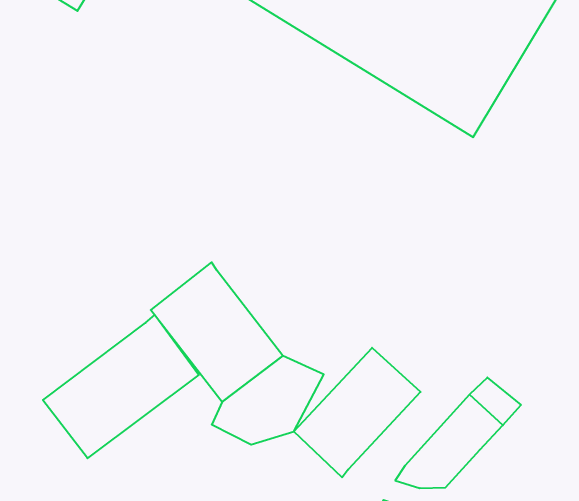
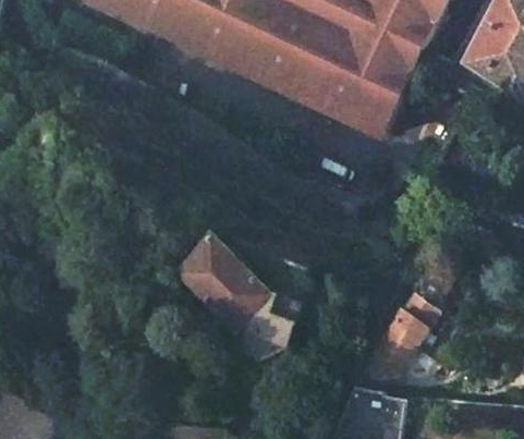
building: [43,315,199,458] -> none
building: [294,348,421,477] -> none

